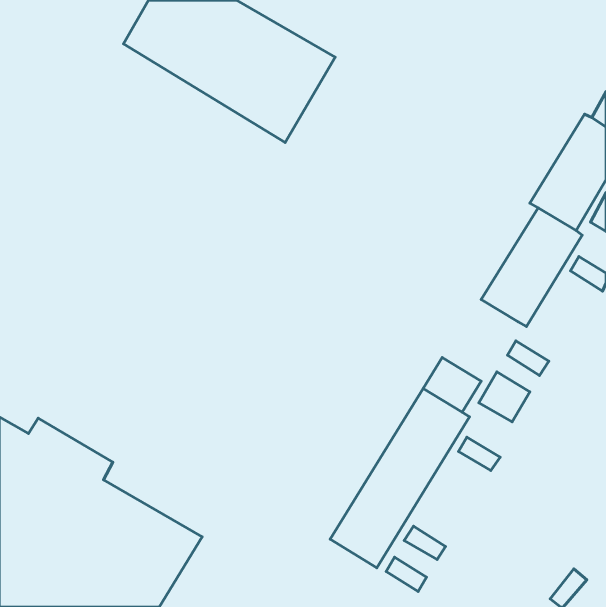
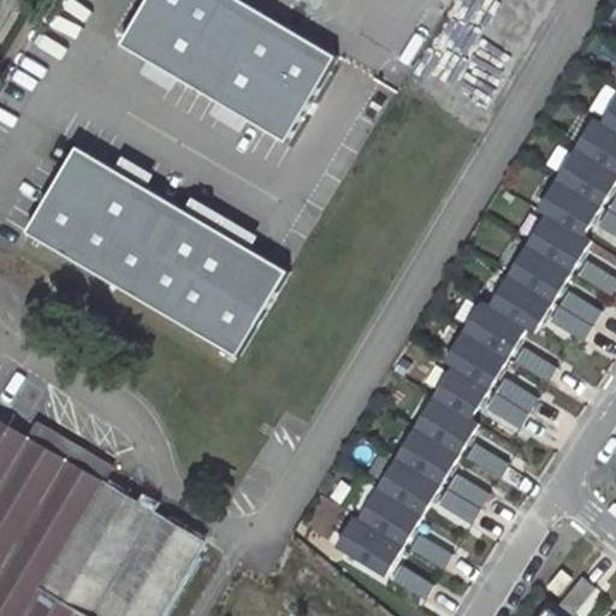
building: none -> [34,149,290,359]
building: none -> [549,290,600,339]
building: none -> [443,298,525,386]
building: none -> [437,474,488,523]

